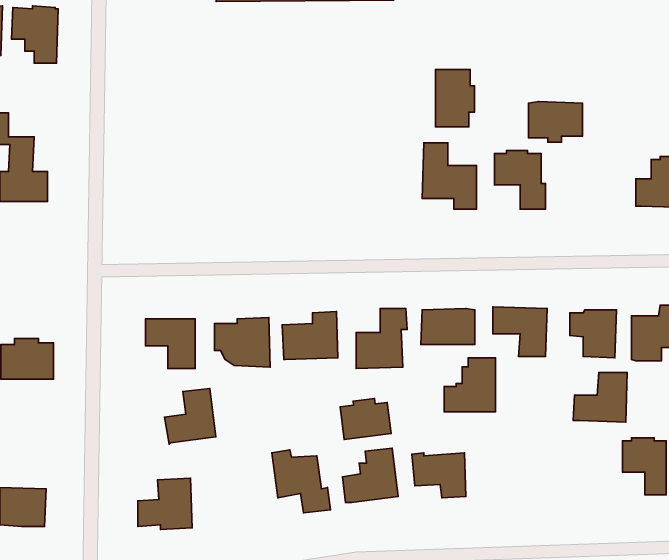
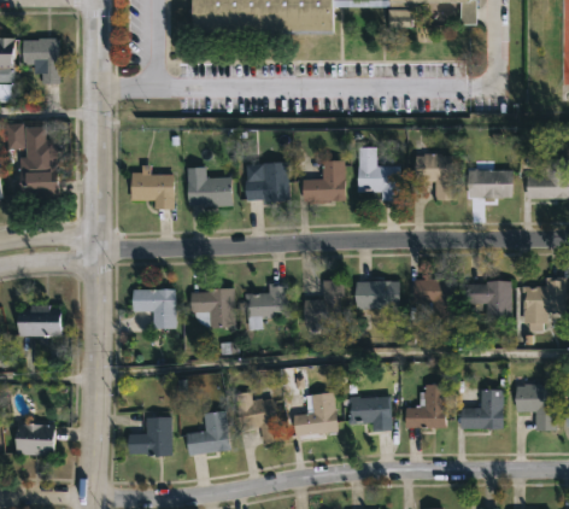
building: [436,70,475,127] -> none
building: [528,102,583,142] -> [468,169,511,201]
building: none -> [301,160,344,200]
building: none -> [245,162,288,200]
building: none -> [129,164,172,209]
building: none -> [187,168,231,211]
building: [444,358,495,412] -> [404,385,445,428]
building: [573,372,627,422] -> [459,390,503,429]
building: [165,389,216,444] -> [188,410,229,455]
building: [340,399,391,439] -> none

